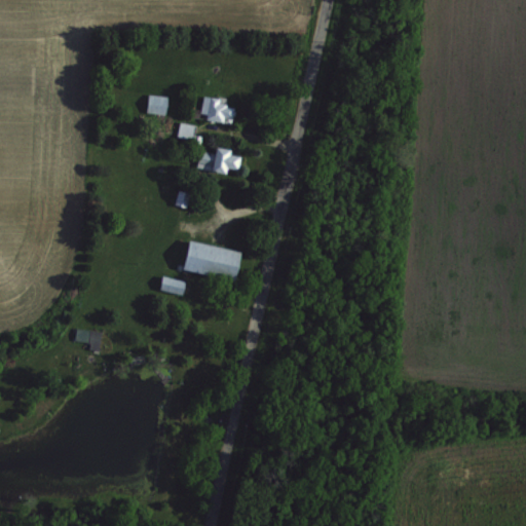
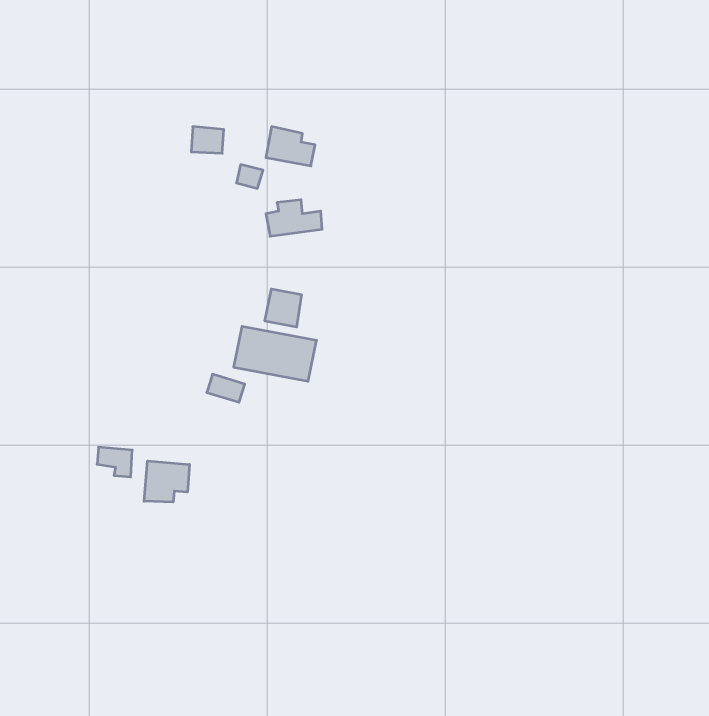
building: none -> [265,289,301,327]
building: none -> [144,461,189,502]

